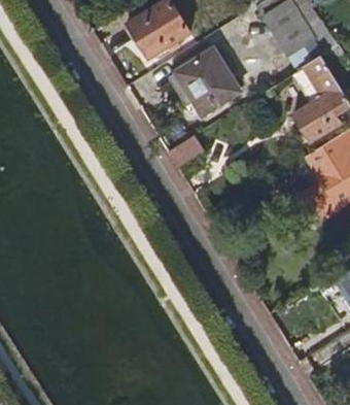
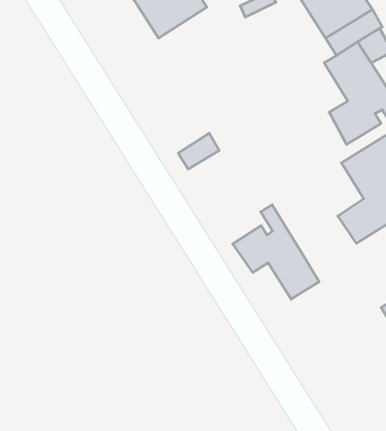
building: [170,47,238,113] -> none
building: none -> [233,205,319,299]

